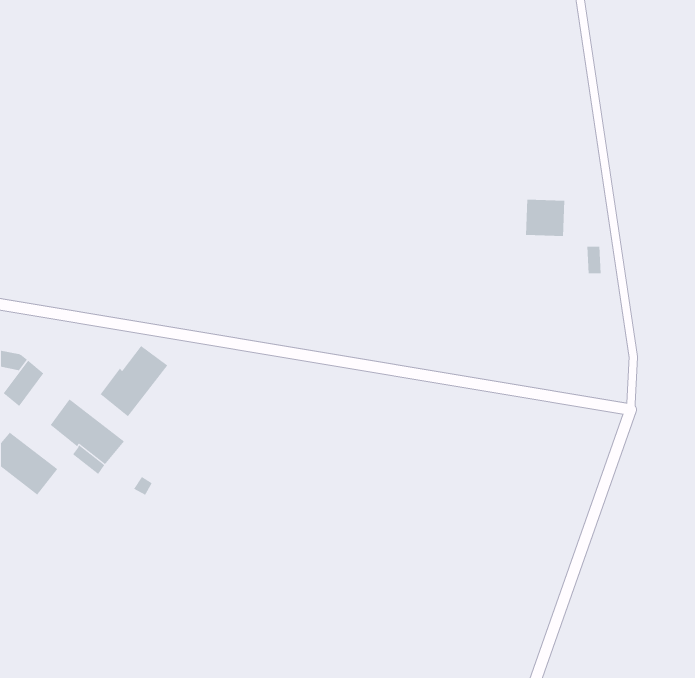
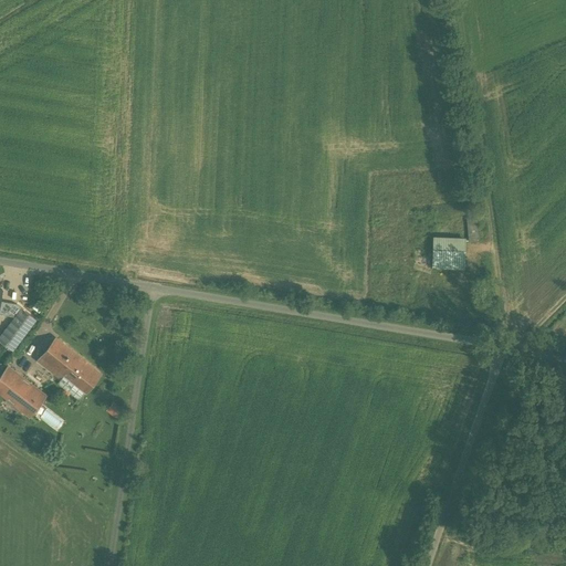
building: [525,199,565,237] -> [431,240,463,270]
building: [100,345,168,417] -> none

